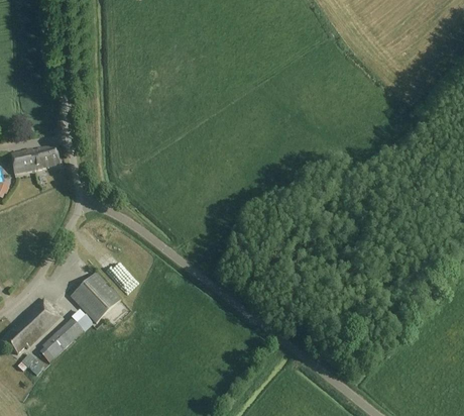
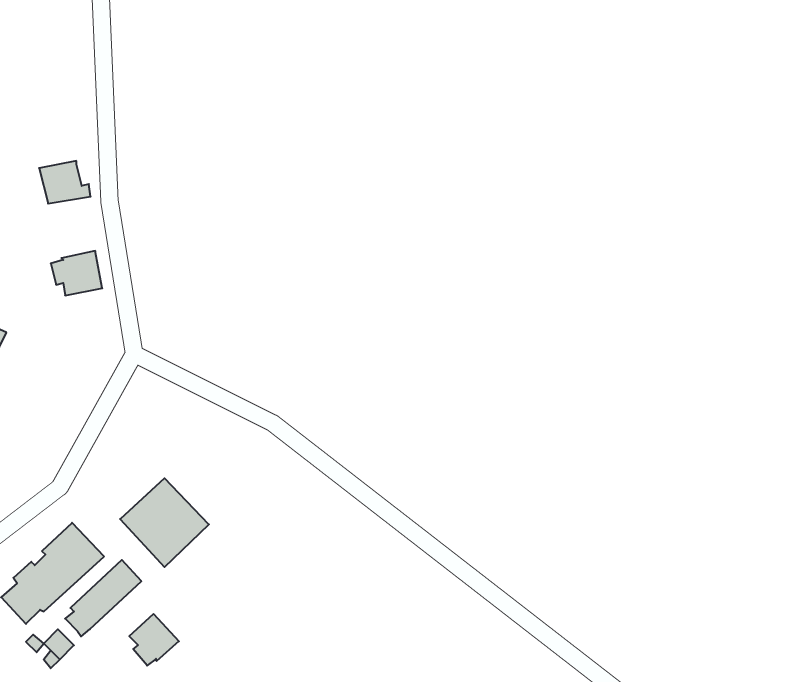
building: [9,148,38,173] -> [39,161,91,204]
building: none -> [129,614,179,666]

